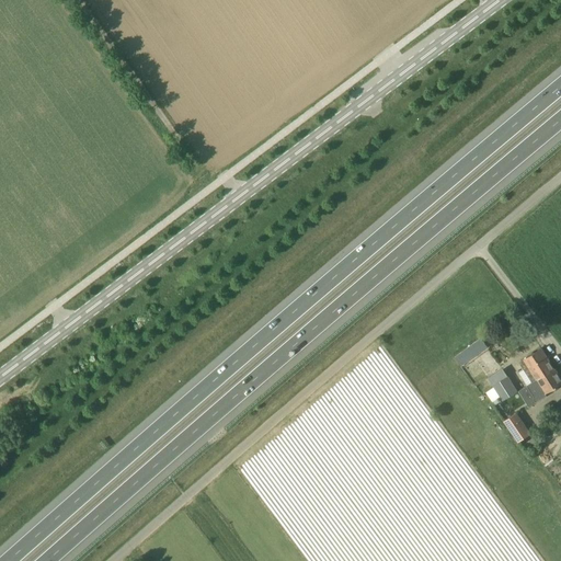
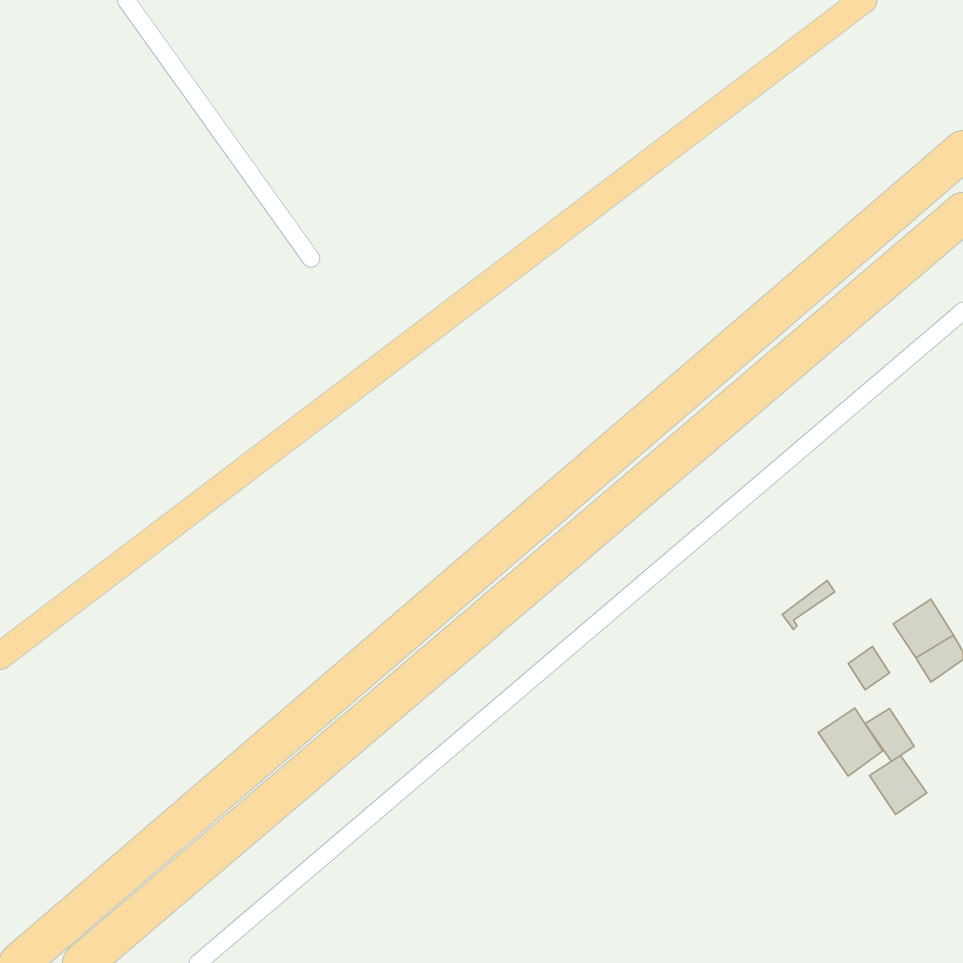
building: none -> [818,708,883,776]
building: none -> [869,756,927,815]

